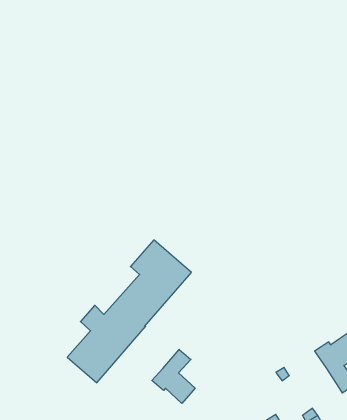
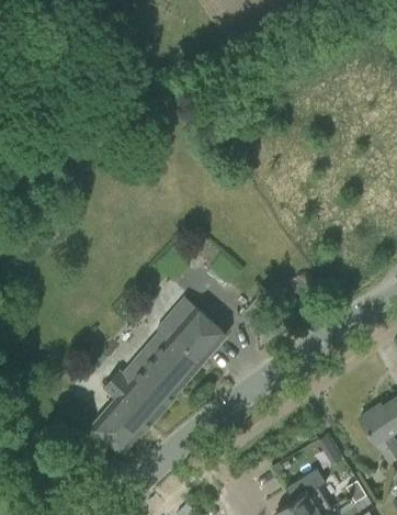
building: [152,349,195,403] -> none

